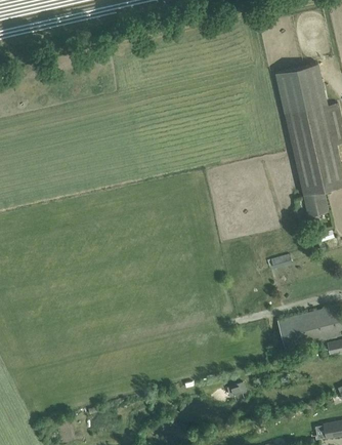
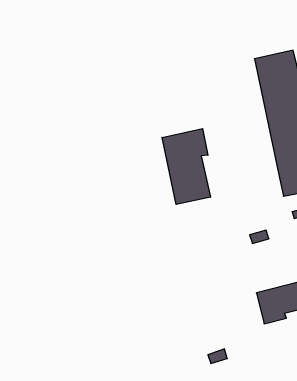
building: none -> [162,129,210,204]

